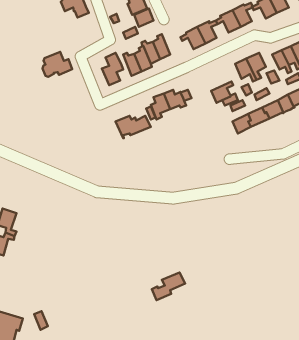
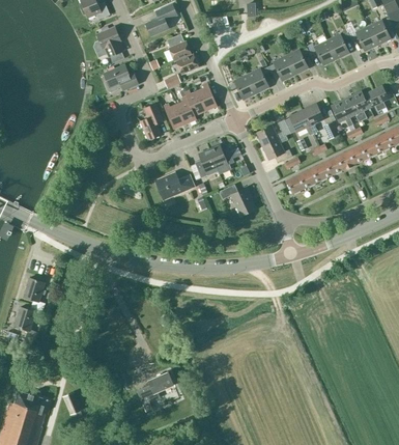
building: [43,52,72,77] -> [105,63,138,91]
building: none -> [256,118,290,145]
building: none -> [220,184,255,214]
building: [152,273,185,300] -> [137,371,174,402]

